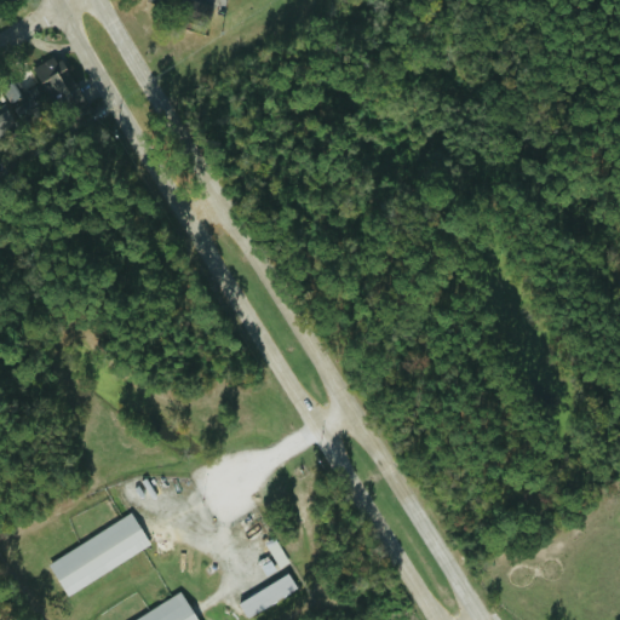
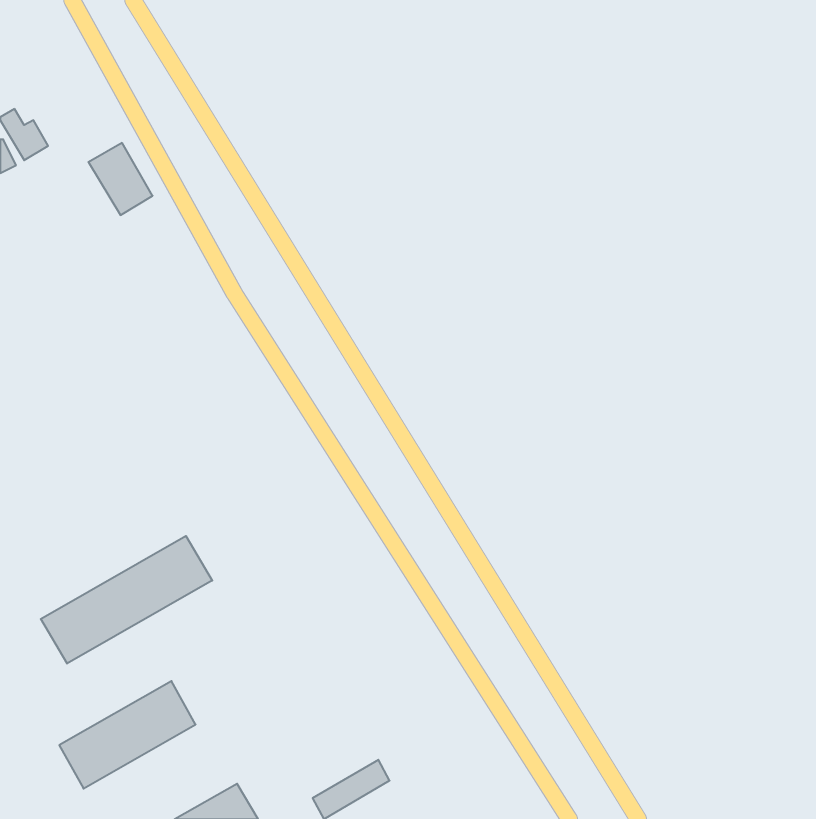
building: [31,54,80,109] -> [88,143,153,215]
building: none -> [41,536,212,664]

